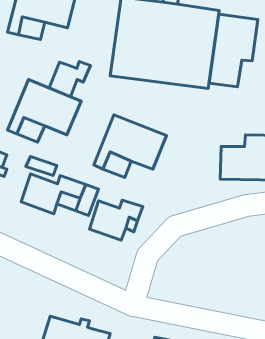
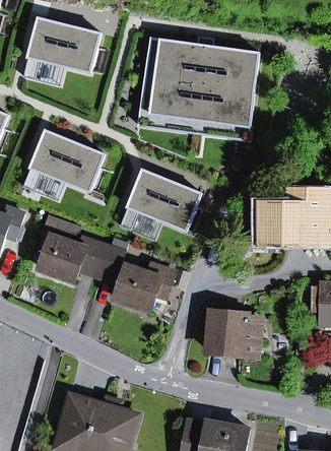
building: [209,14,258,87] -> none
building: [49,62,90,97] -> none
building: none -> [206,311,258,355]

